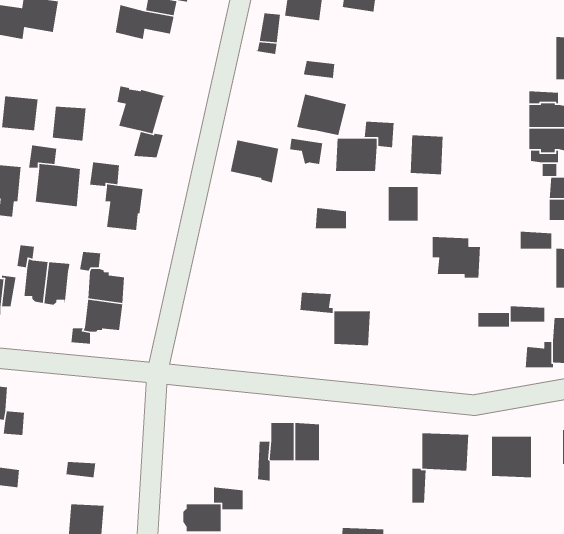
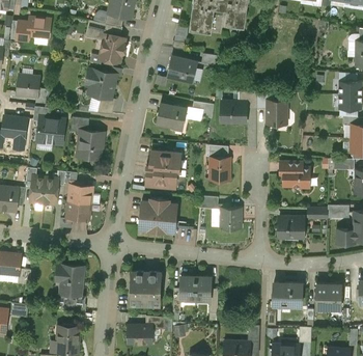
building: none -> [100,35,125,62]
building: [296,94,347,138] -> [167,55,198,82]
building: [52,106,87,141] -> none
building: [388,186,419,222] -> [211,158,229,180]
building: none -> [146,149,182,187]
building: none -> [139,198,177,231]
building: none -> [279,217,304,238]
building: none -> [55,265,84,296]
building: none -> [131,271,161,305]

